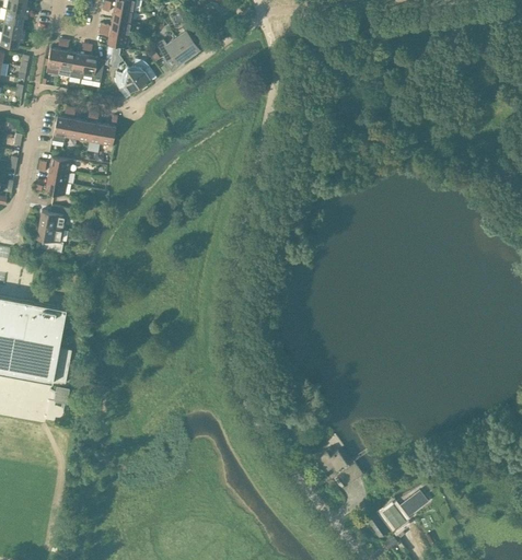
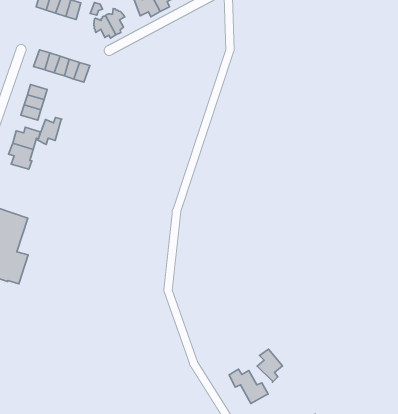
building: none -> [38,117,62,144]
building: none -> [257,349,282,382]

